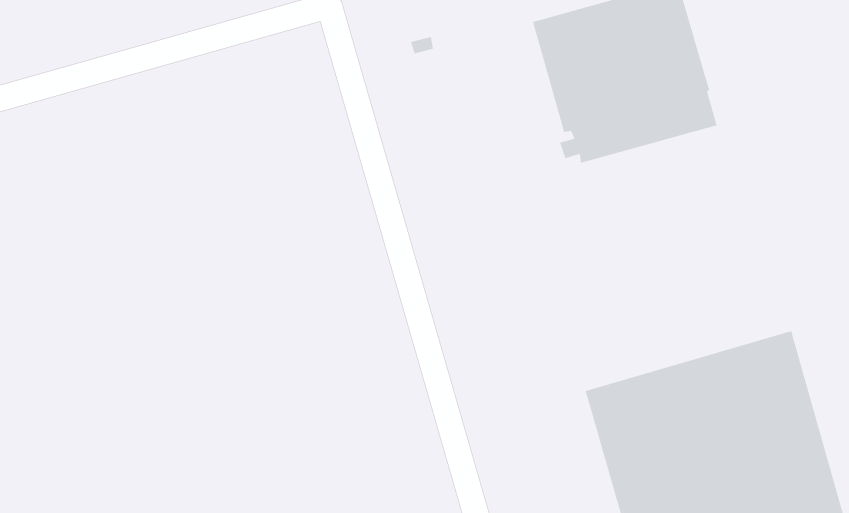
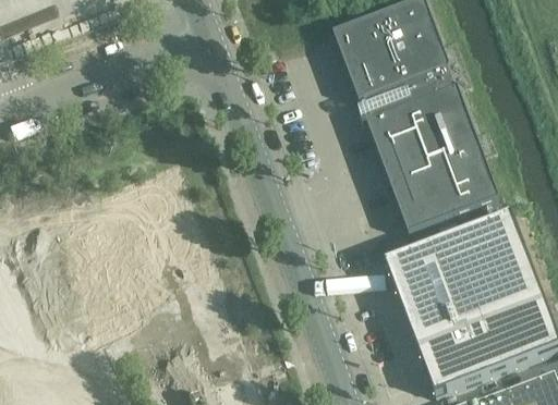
building: none -> [366,84,497,229]

